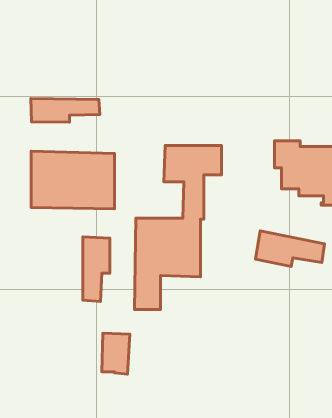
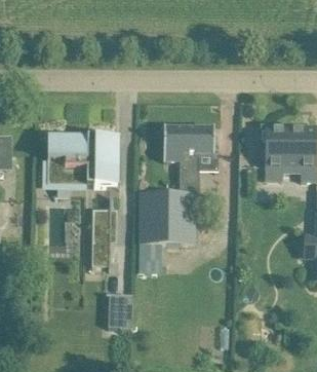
building: [31,99,100,122] -> none
building: [255,231,324,267] -> none

